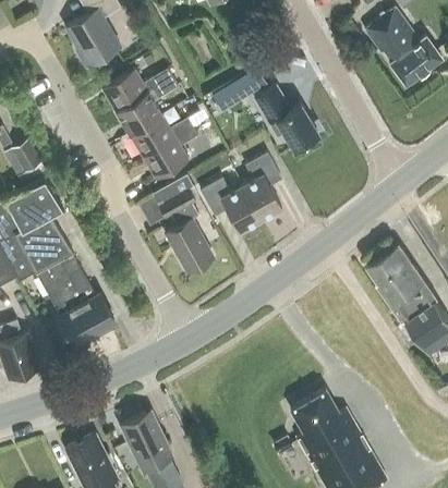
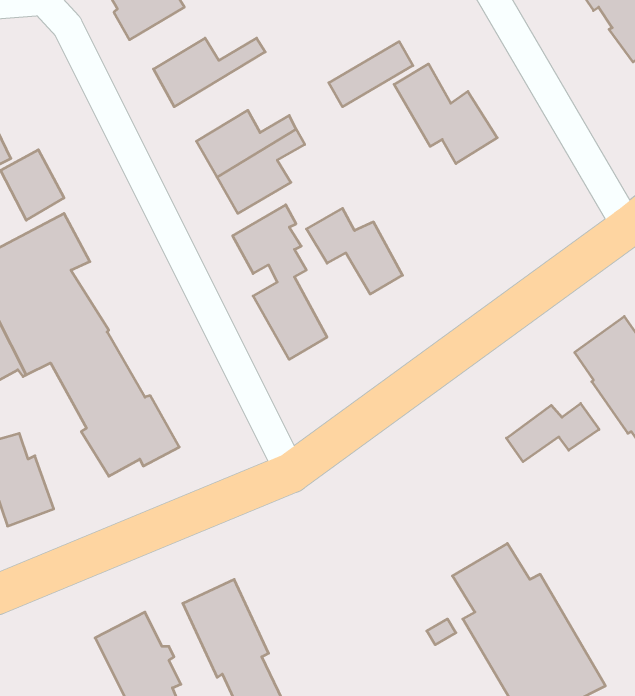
building: [114,76,178,133] -> none
building: [241,150,281,218] -> none
building: none -> [506,403,599,462]

